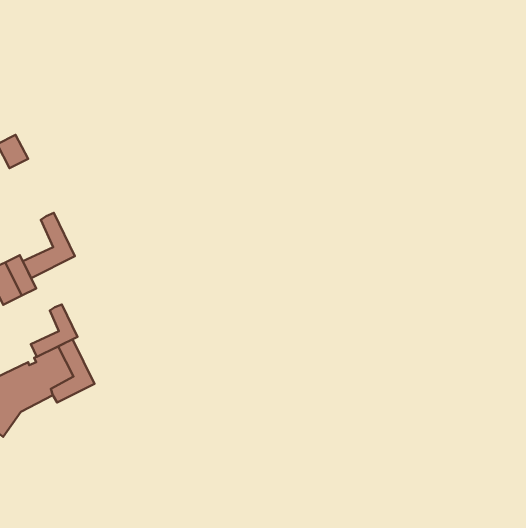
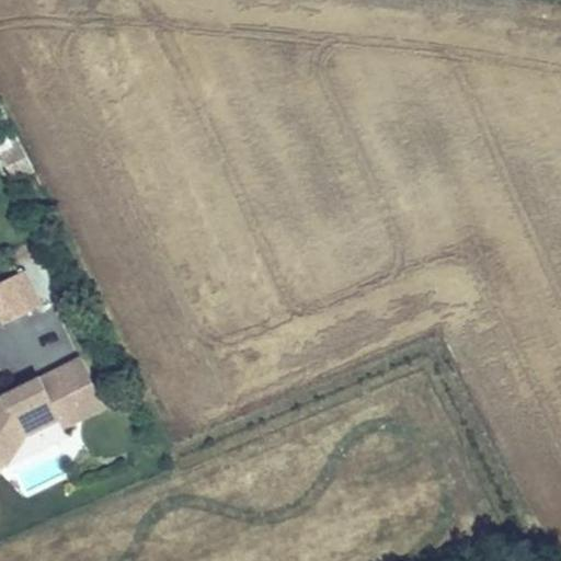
building: [23,213,75,278] -> none
building: [31,304,77,357] -> none

